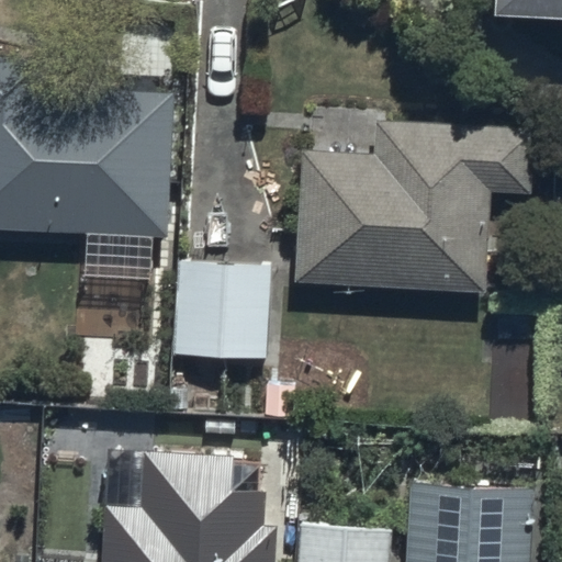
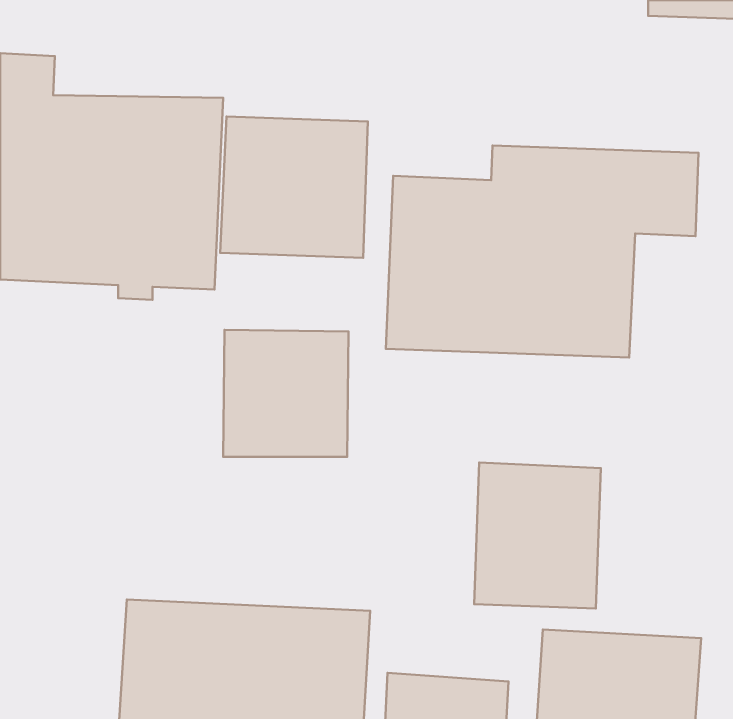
building: none -> [220,117,368,258]
building: none -> [474,462,601,609]

